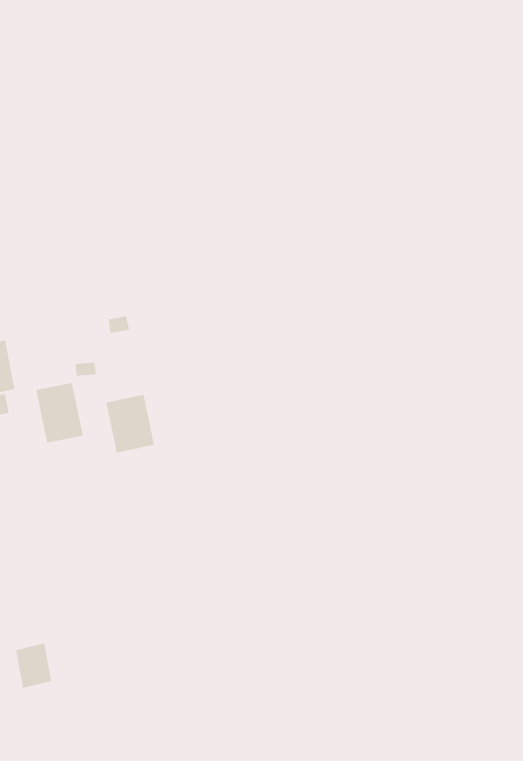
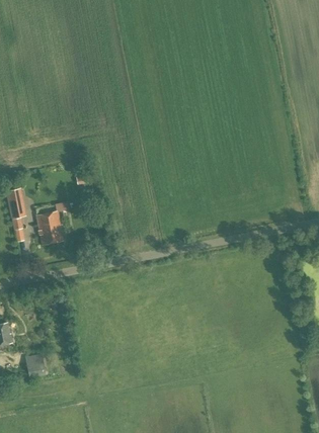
building: [106,394,155,453] -> none

